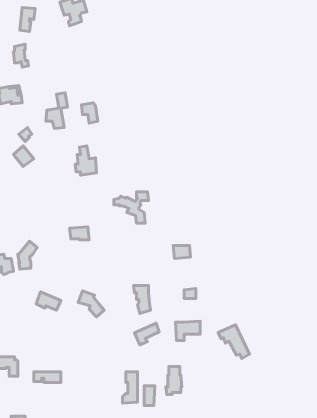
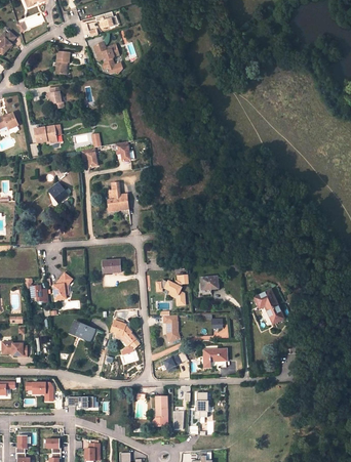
building: [114,192,148,223] -> [155,275,188,304]
building: [218,325,249,358] -> [254,290,283,322]

